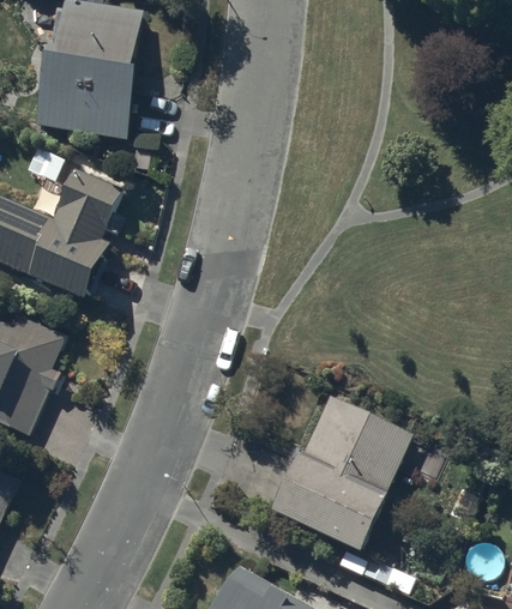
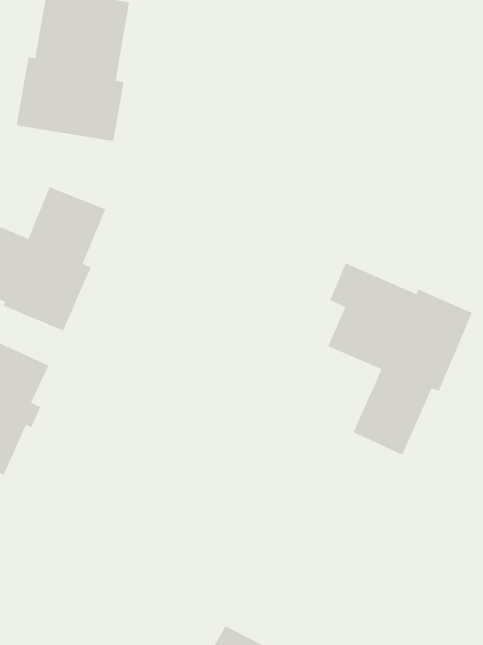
building: none -> [327,263,473,456]
building: [269,393,411,555] -> none

